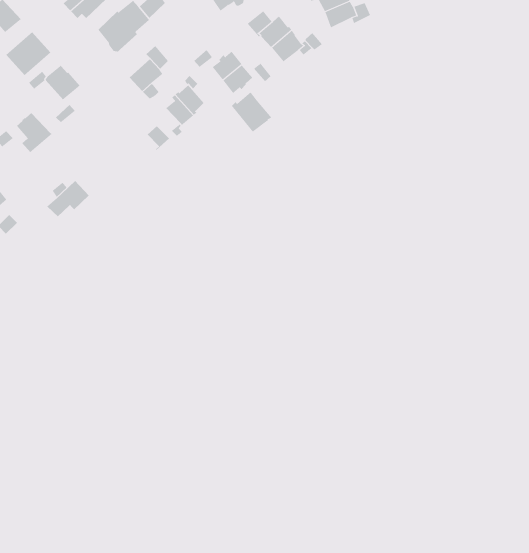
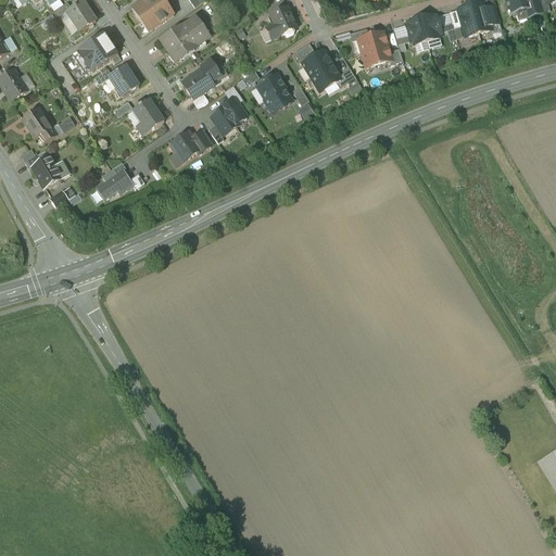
building: [231,91,272,132] -> none
building: [15,112,52,153] -> [132,98,164,134]
building: none -> [169,129,200,160]

